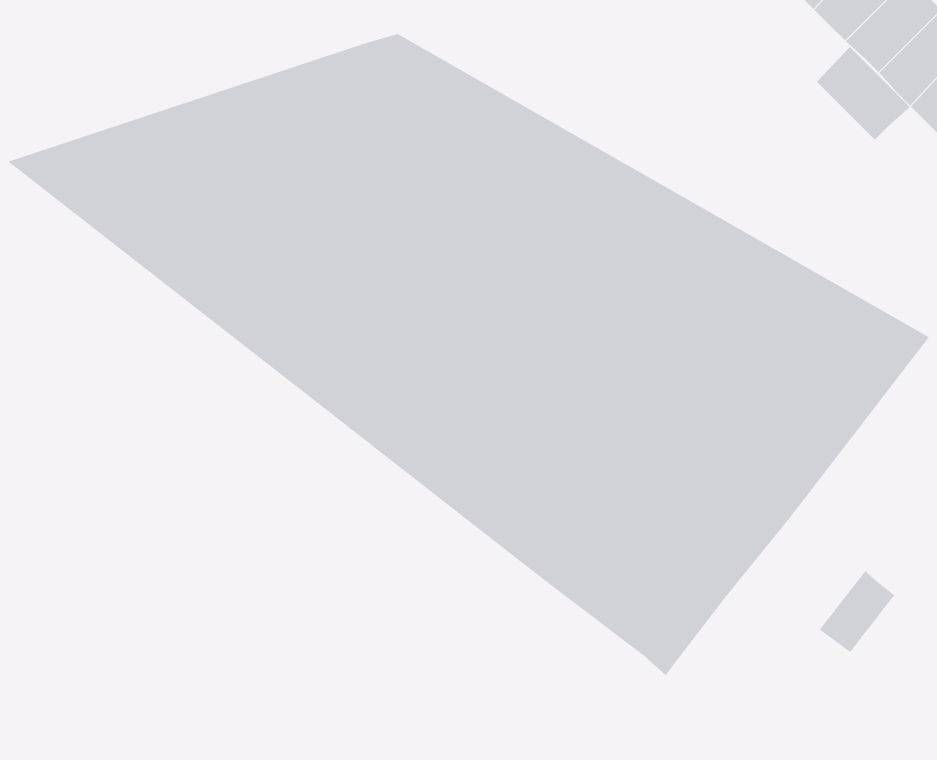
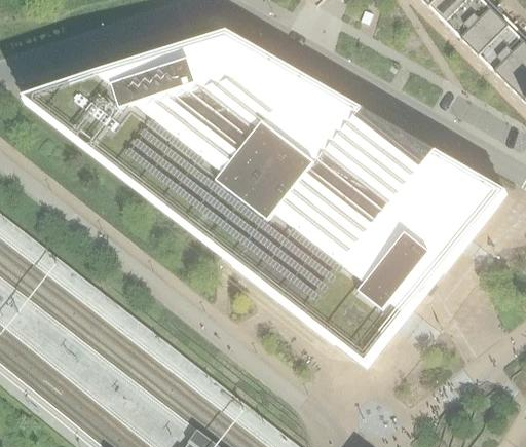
building: [816,46,910,141] -> none
building: [819,570,895,653] -> none

